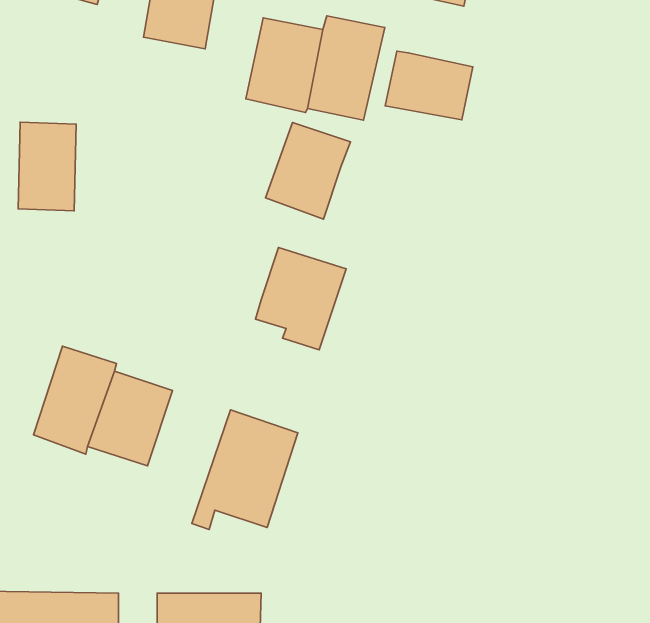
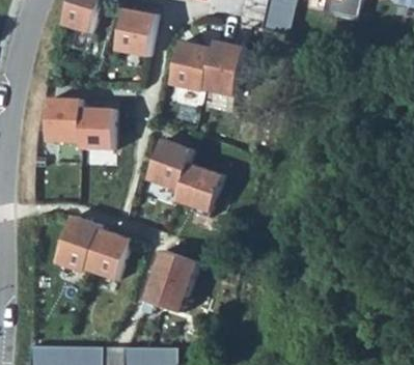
building: [385,51,473,120] -> none
building: [266,123,350,219] -> [146,138,192,190]
building: none -> [79,103,114,147]

